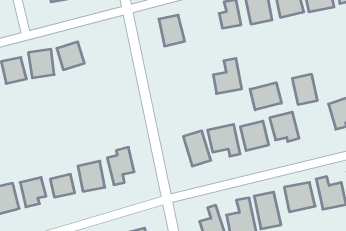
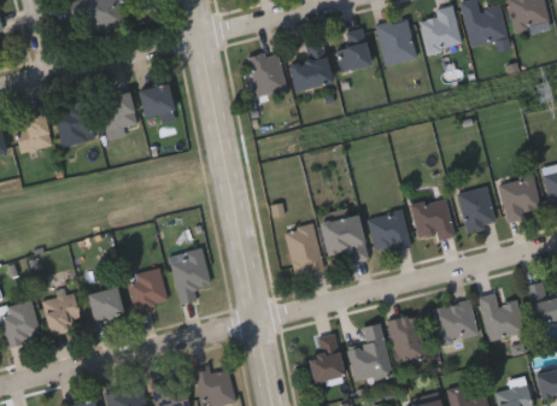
building: none -> [139,83,174,118]
building: [213,58,242,94] -> [288,40,330,92]
building: [292,74,317,104] -> [458,184,496,229]
building: [250,83,281,110] -> none

